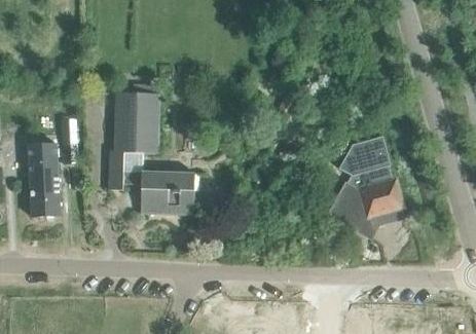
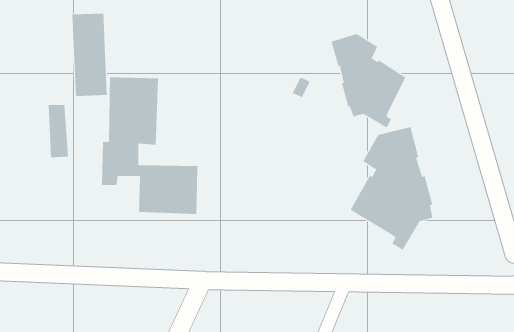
building: none -> [331,33,406,129]
building: [28,142,60,216] -> [72,13,107,96]

